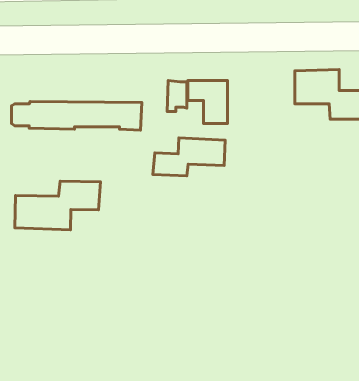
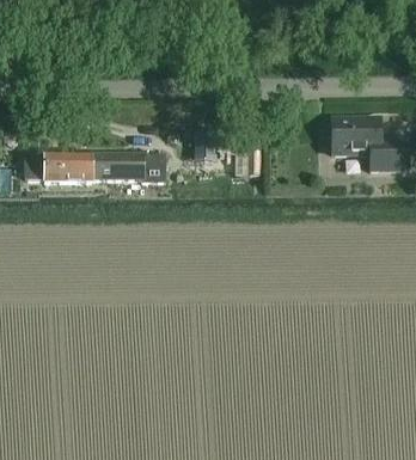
building: [153,138,225,176] -> none
building: [15,181,100,230] -> none

